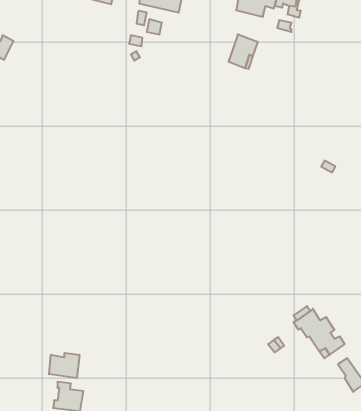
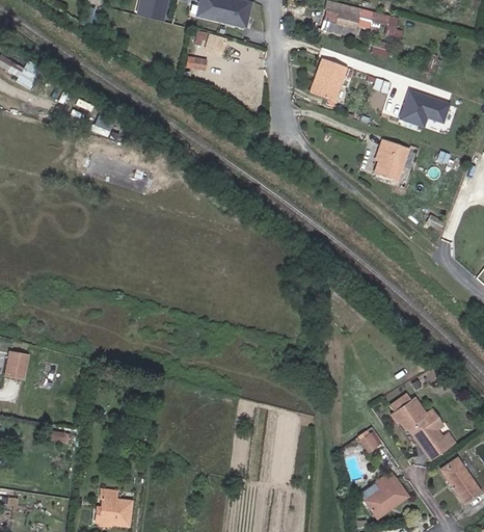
building: none -> [403,90,451,124]
building: none -> [374,139,408,179]
building: [49,353,79,378] -> none
building: none -> [365,471,407,514]

